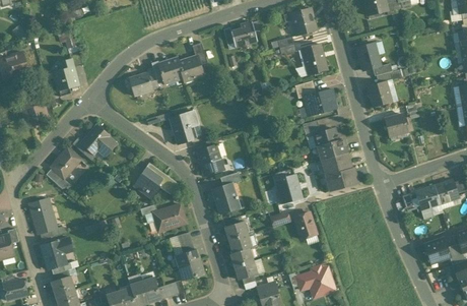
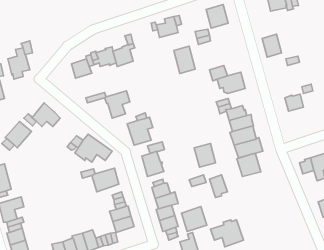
building: [302,43,327,75] -> [174,46,195,73]
building: [368,80,392,107] -> none
building: none -> [237,154,261,176]
building: none -> [181,207,207,232]

